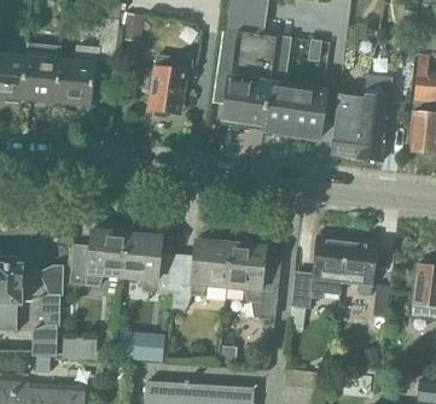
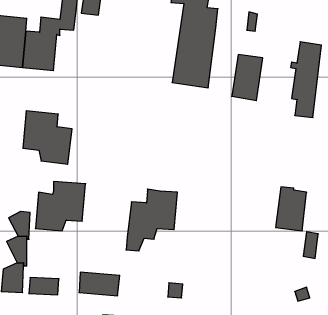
building: [147,54,187,113] -> none
building: [263,57,298,134] -> none
building: [331,93,365,156] -> none
building: [122,233,178,293] -> [23,111,72,164]
building: [290,235,347,320] -> none
building: [226,242,279,316] -> none

